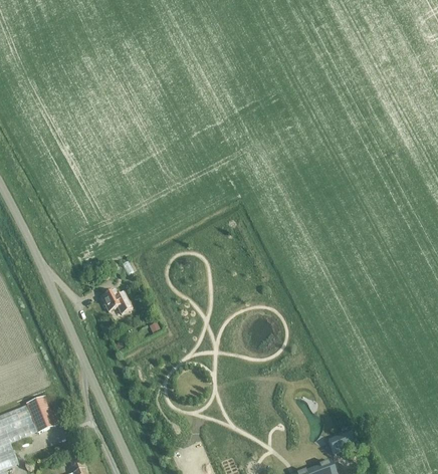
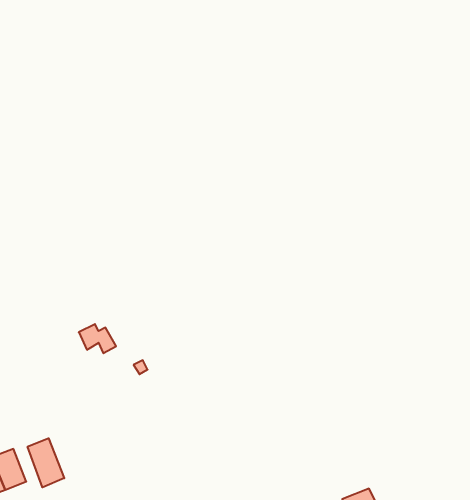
building: none -> [28,438,64,487]

